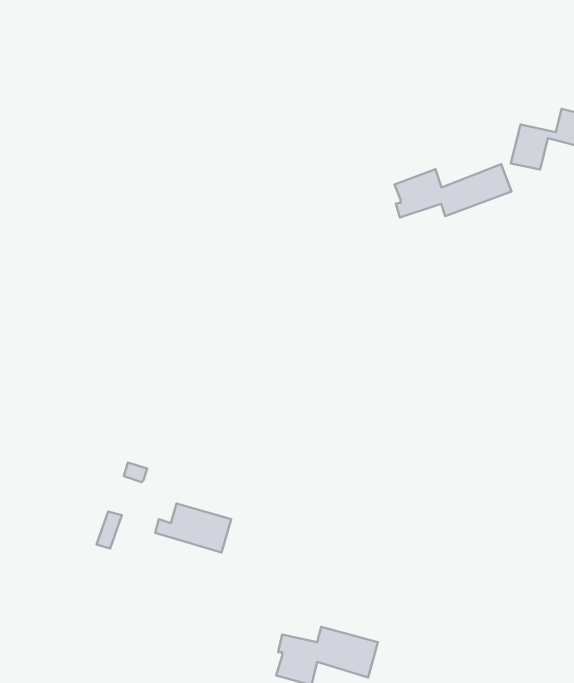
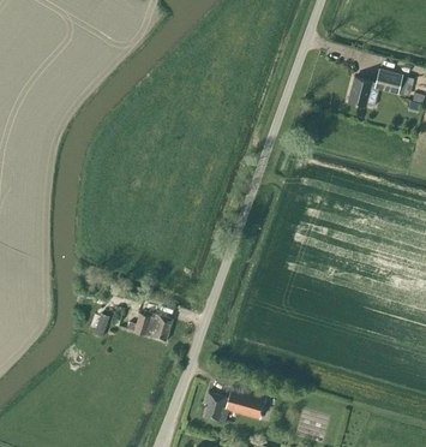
building: [394,164,511,217] -> none

